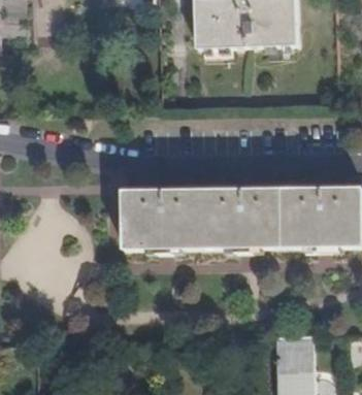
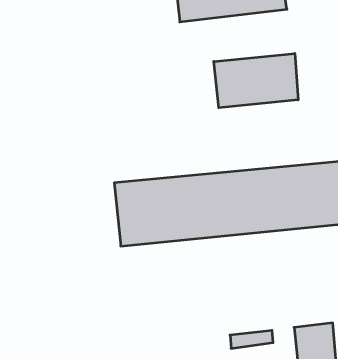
building: none -> [214,53,298,108]

